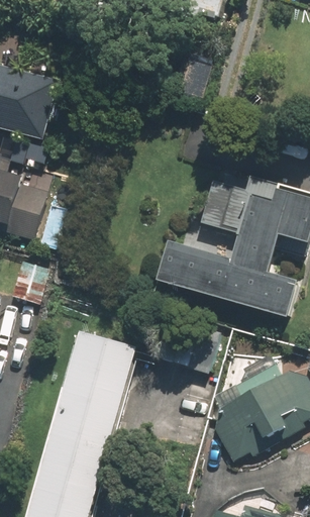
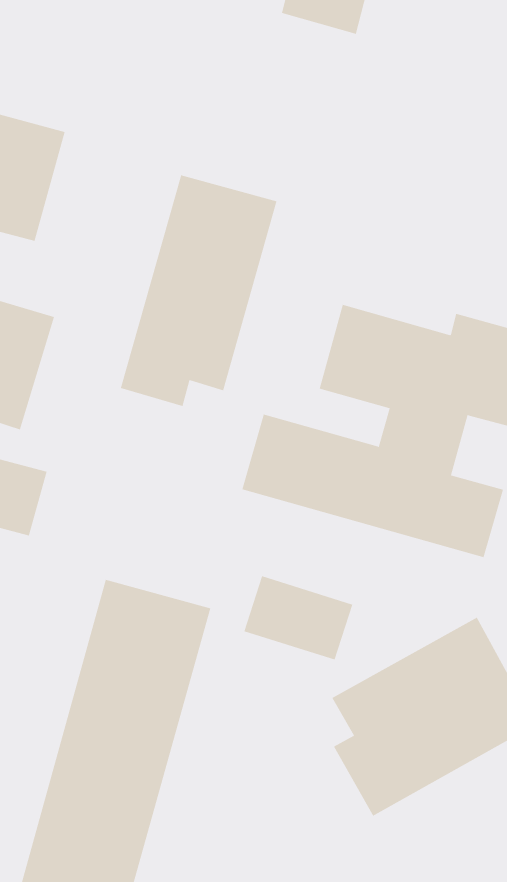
building: none -> [120,174,277,407]

